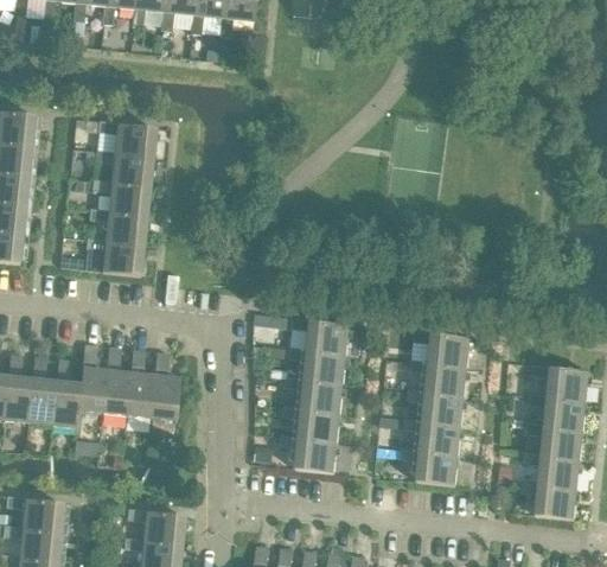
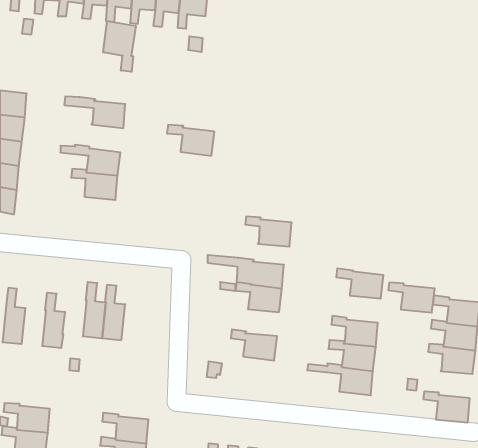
building: none -> [103,21,136,72]
building: [94,151,152,189] -> [167,125,214,156]
building: [85,238,142,276] -> none
building: [77,345,107,414] -> none
building: [149,353,178,421] -> none
building: [27,358,57,426] -> none
building: [410,361,467,397] -> [388,283,435,313]
building: [286,377,343,414] -> [245,217,292,247]
building: [280,435,337,473] -> none
building: [523,452,580,490] -> none

